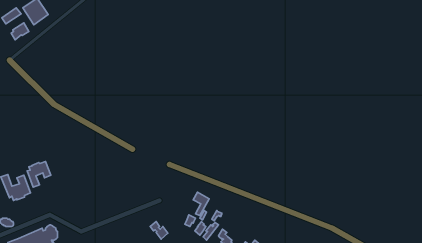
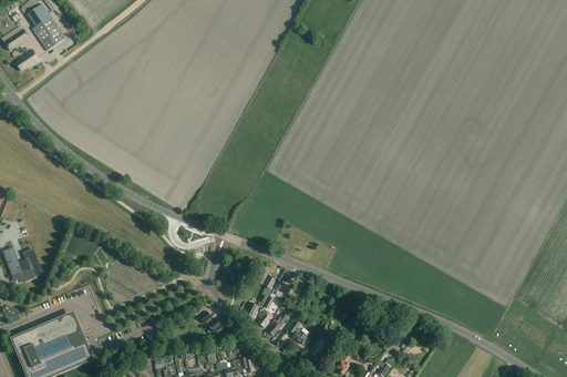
building: [27,162,51,187] -> none

